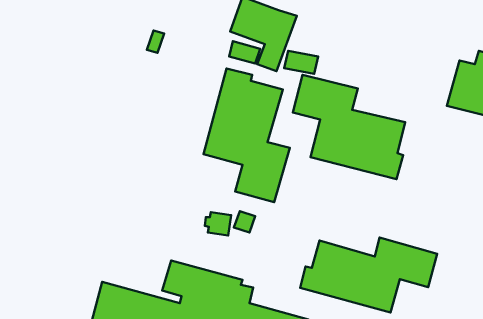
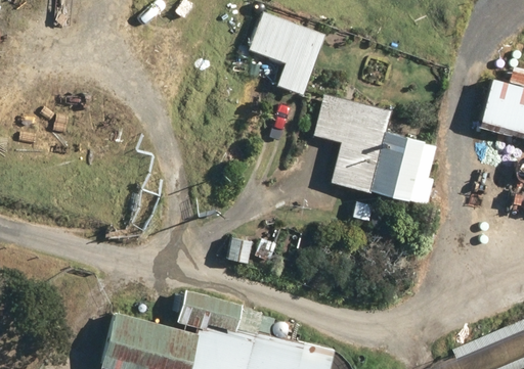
building: [203,68,290,202] -> none
building: [300,238,437,312] -> none

